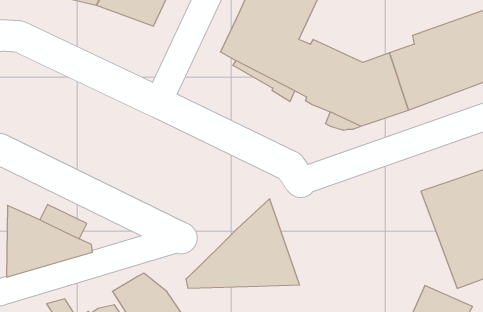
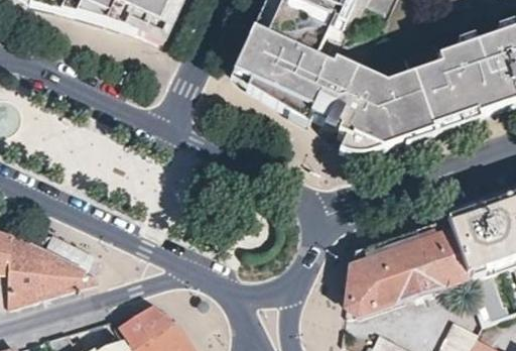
building: none -> [347,218,467,317]
building: [186,199,299,288] -> none

